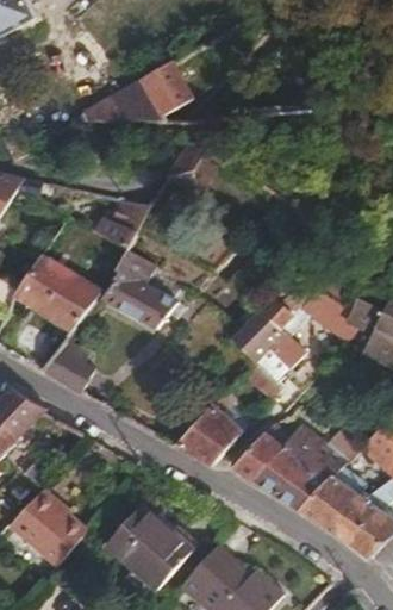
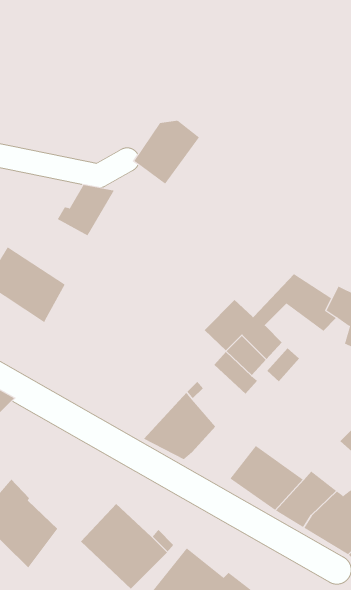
building: [69,58,186,120] -> none
building: [99,245,171,330] -> none
building: [44,341,95,393] -> none
building: [233,423,348,484] -> none

